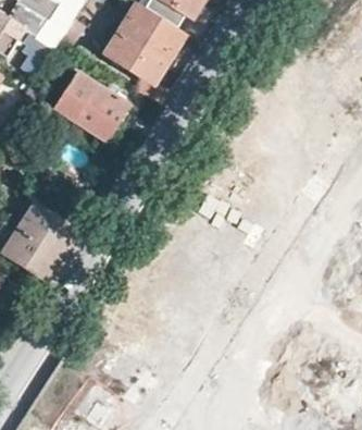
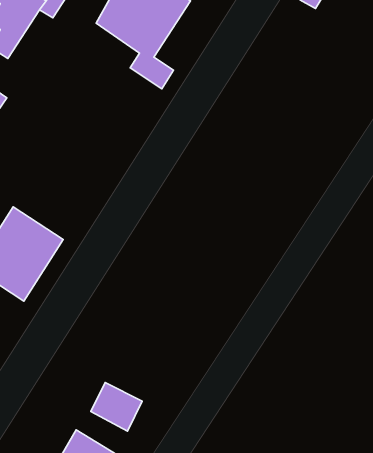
building: [52,70,136,140] -> none

